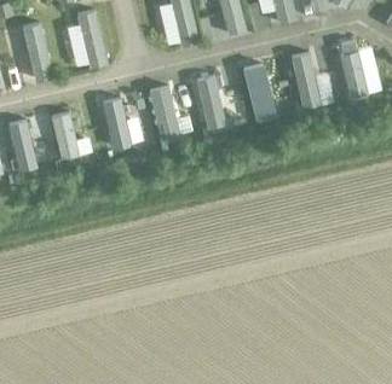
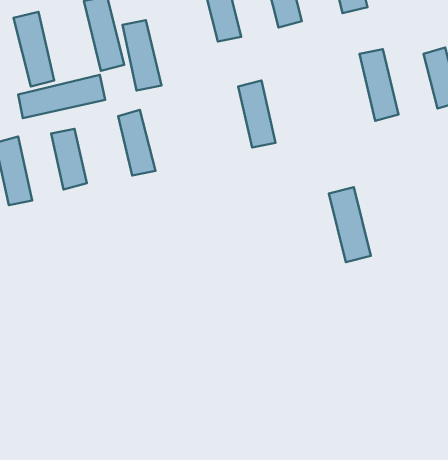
building: [242,64,275,122] -> [329,187,371,262]
building: none -> [18,75,105,118]
building: [149,86,179,140] -> [122,20,161,90]

